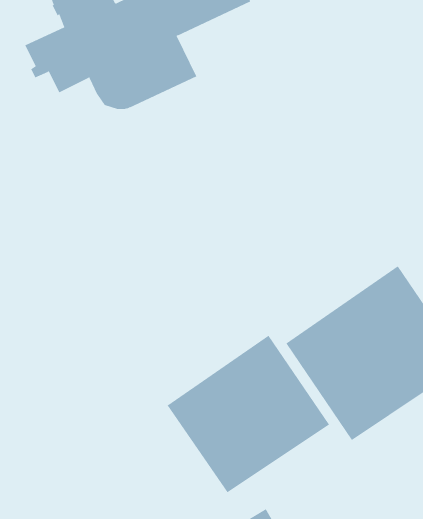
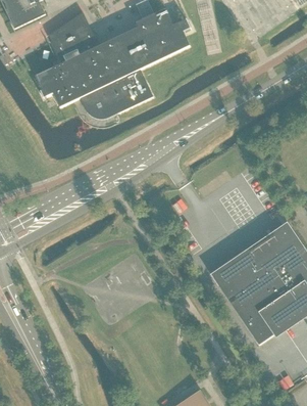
building: [167,335,330,493] -> none

